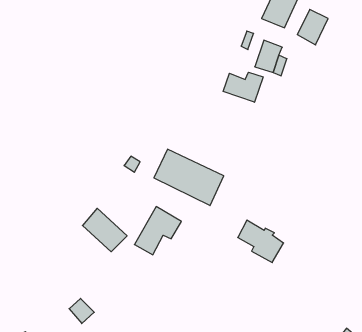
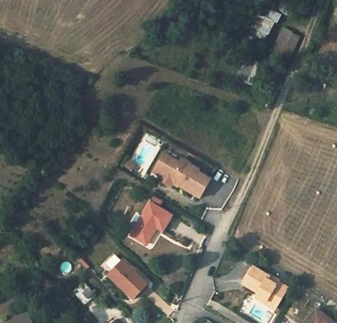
building: [223,72,263,102] -> none
building: [82,208,127,252] -> [108,259,147,297]
building: [238,220,284,263] -> [246,268,286,305]

